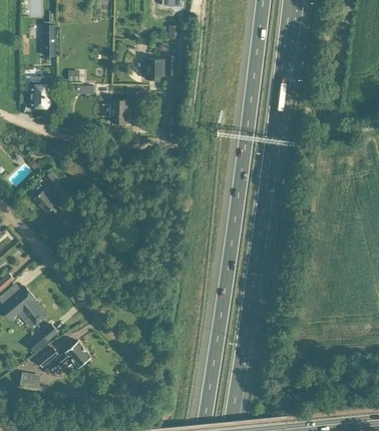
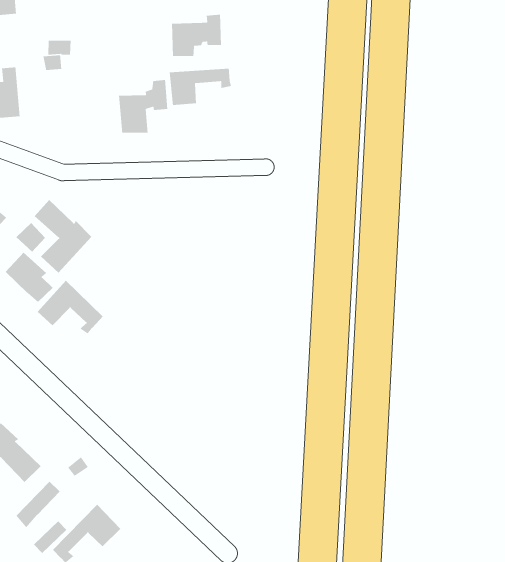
building: none -> [169,68,232,106]
building: none -> [34,199,92,274]
building: none -> [37,280,104,334]

